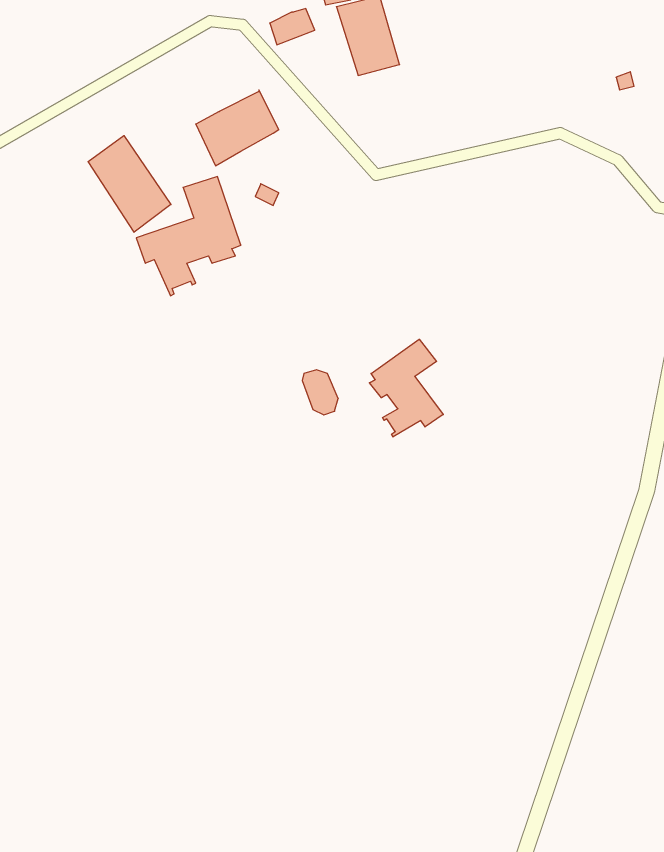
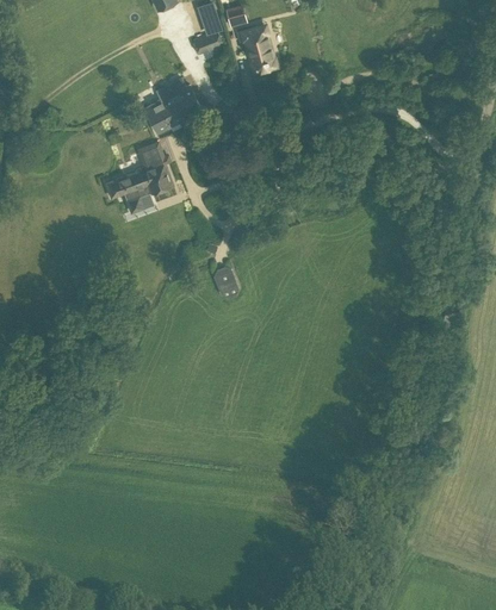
building: [88,136,171,232] -> none
building: [369,339,443,437] -> none

